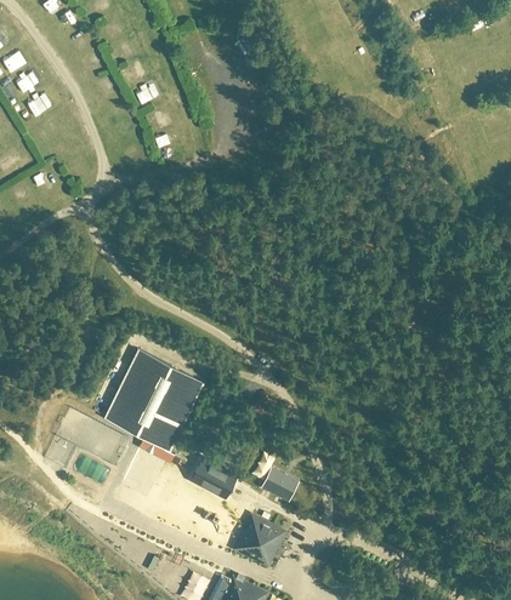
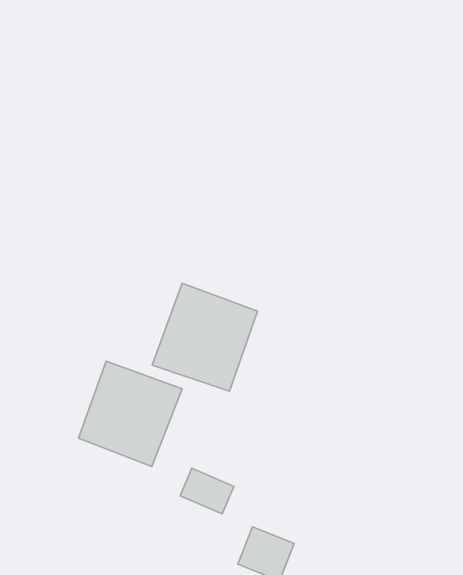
building: none -> [152,283,257,391]
building: [260,465,297,498] -> none

